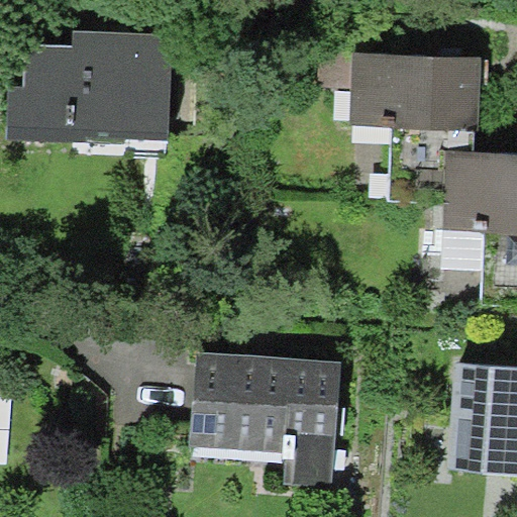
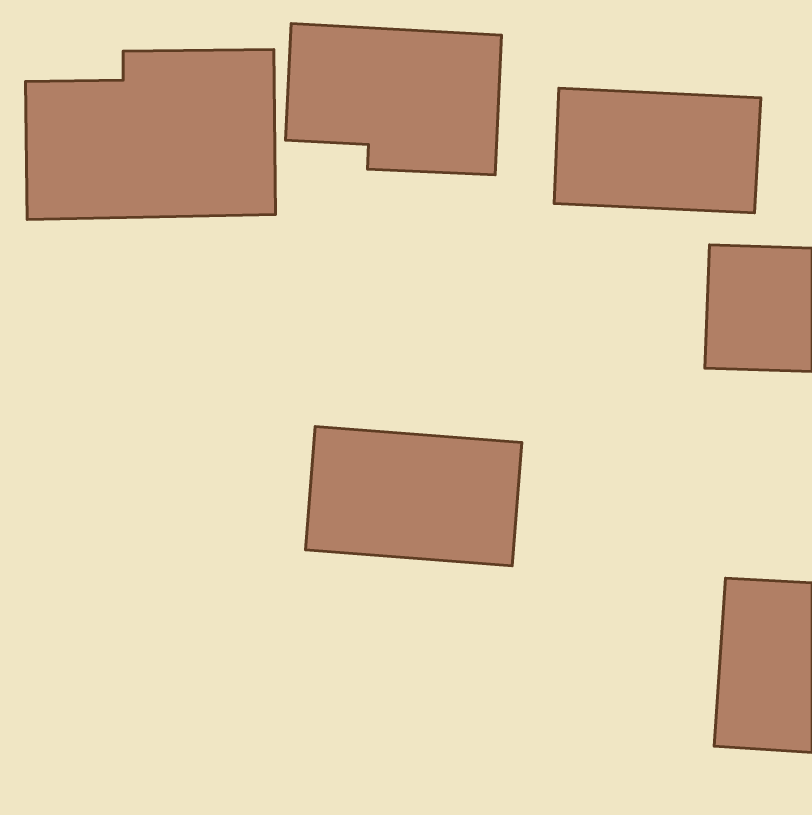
building: none -> [286,23,502,175]
building: [198,354,334,442] -> [306,426,522,566]

